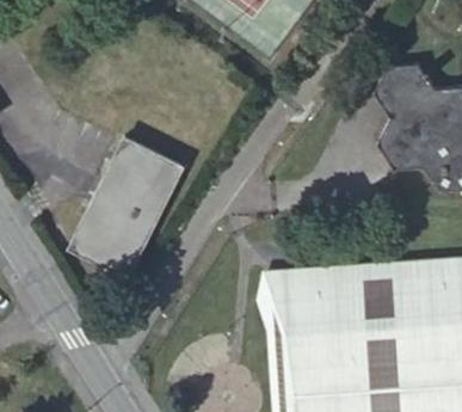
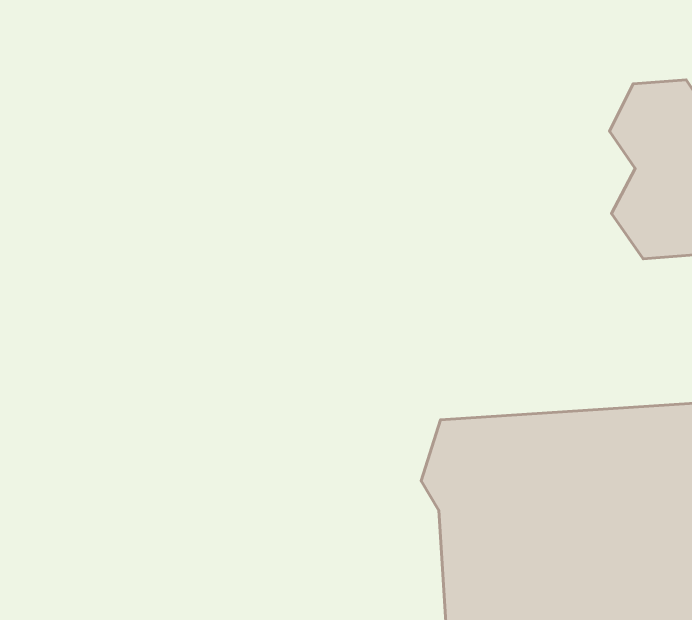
building: [69,139,181,277] -> none

